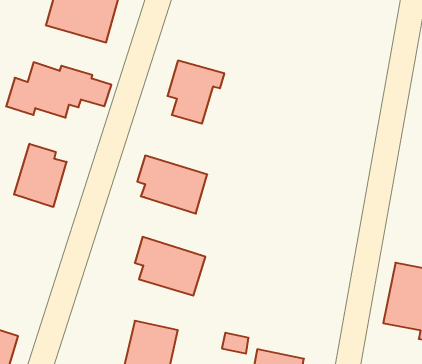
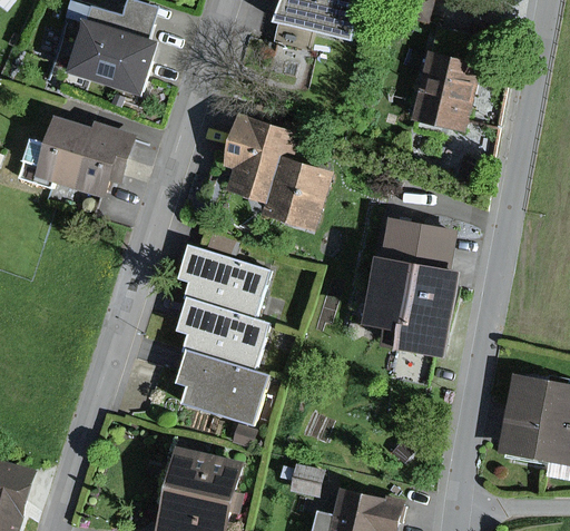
building: none -> [417,55,472,125]
building: none -> [263,151,331,227]
building: none -> [373,225,452,350]
building: [14,144,67,207] -> none
building: none -> [181,294,272,366]

